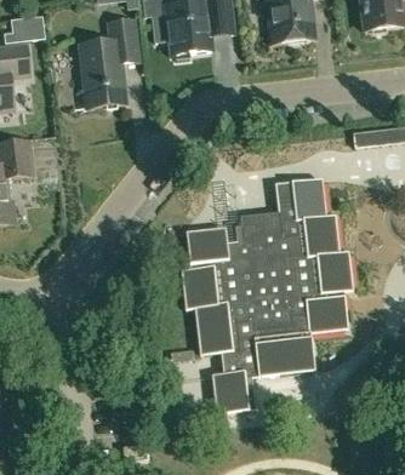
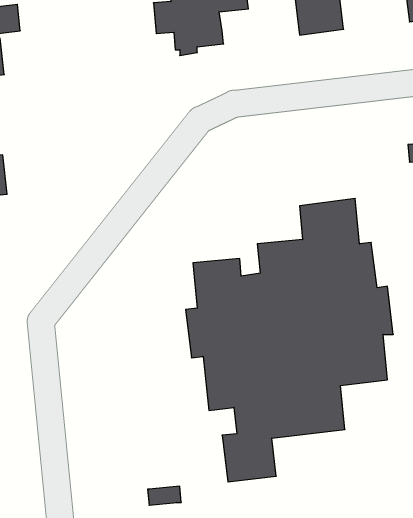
building: [81,17,139,105] -> none

